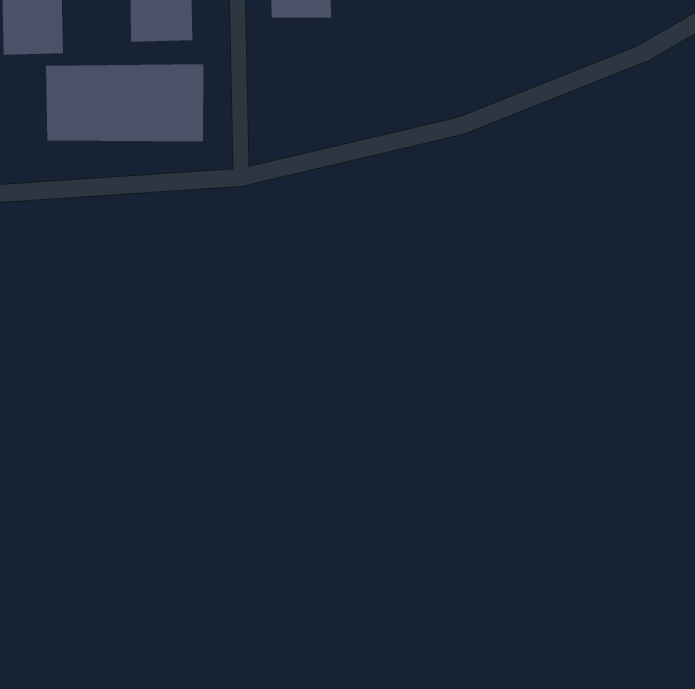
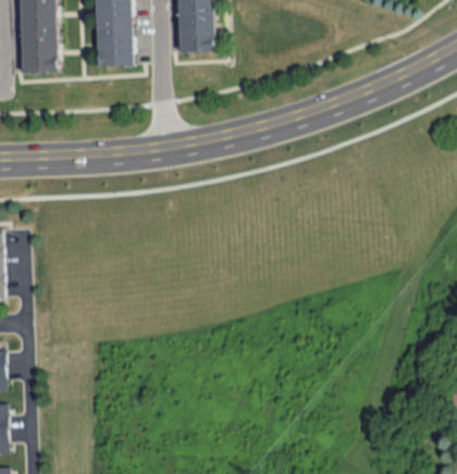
building: [46,64,204,142] -> none

